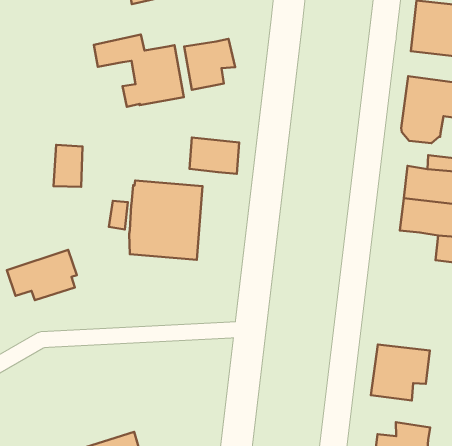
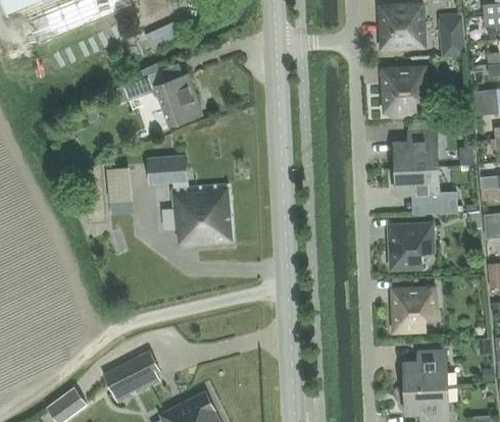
building: [184,39,235,90] -> none
building: [190,138,239,174] -> [148,155,189,182]
building: [7,250,77,300] -> [103,351,160,395]
building: none -> [389,223,433,268]

